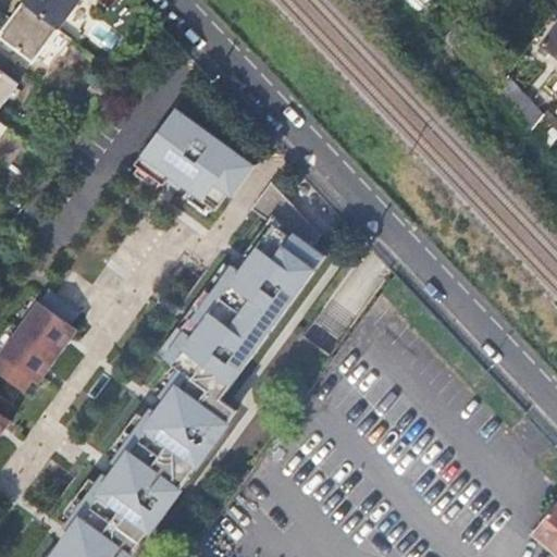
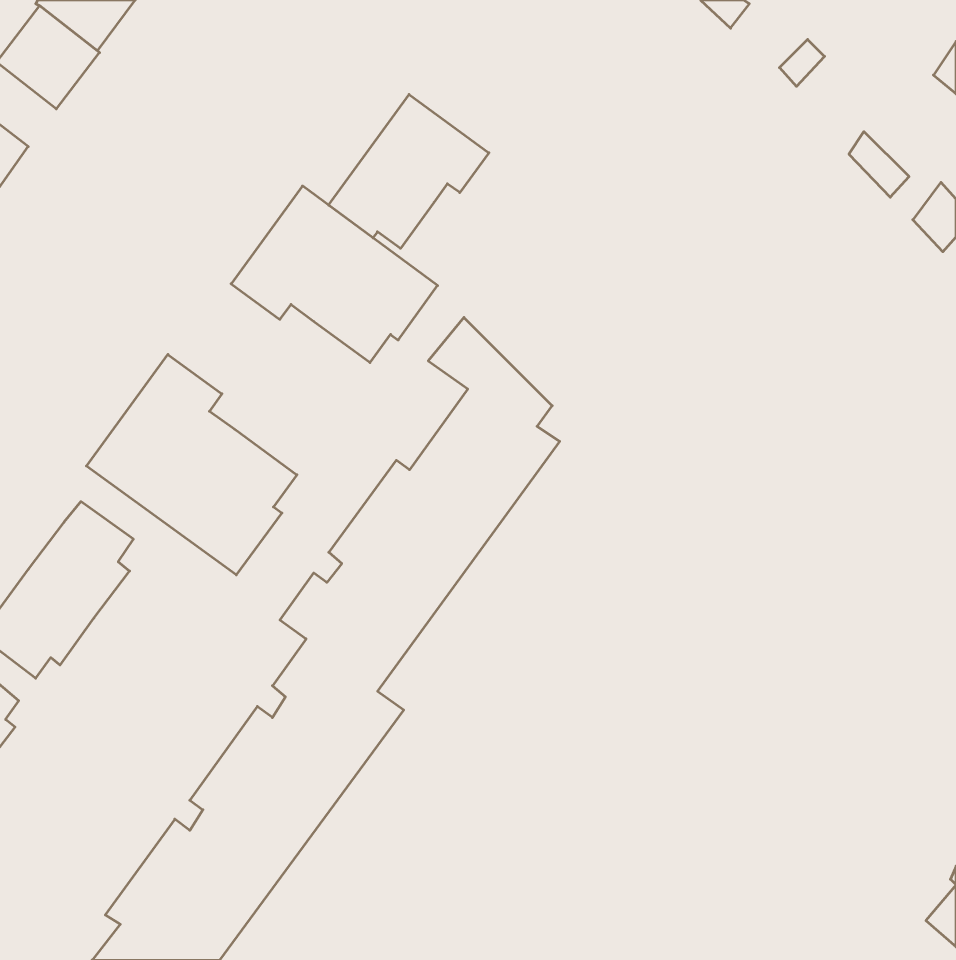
building: none -> [329,94,489,248]
building: none -> [86,354,297,575]

